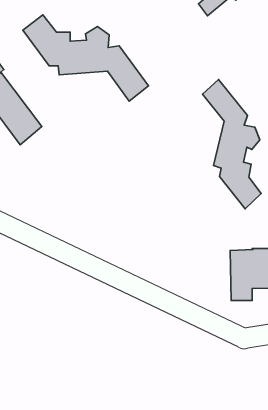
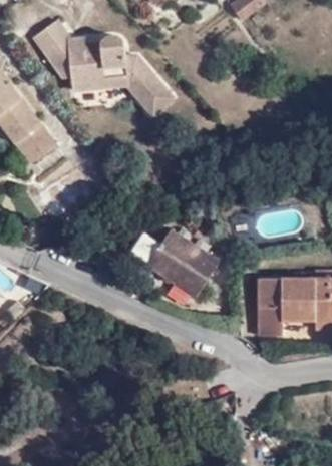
building: [203,80,261,209] -> none
building: none -> [148,227,222,298]

